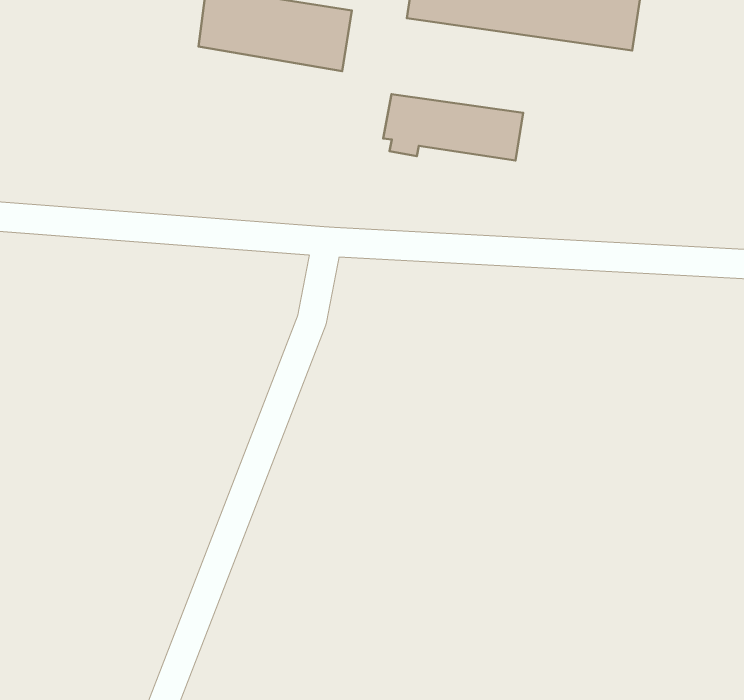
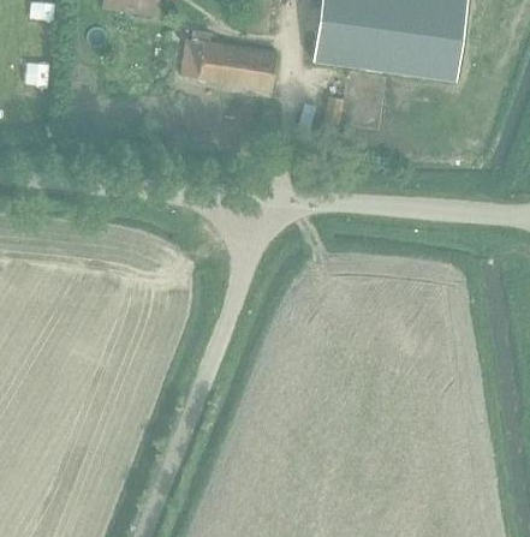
building: [383,94,523,161] -> none

